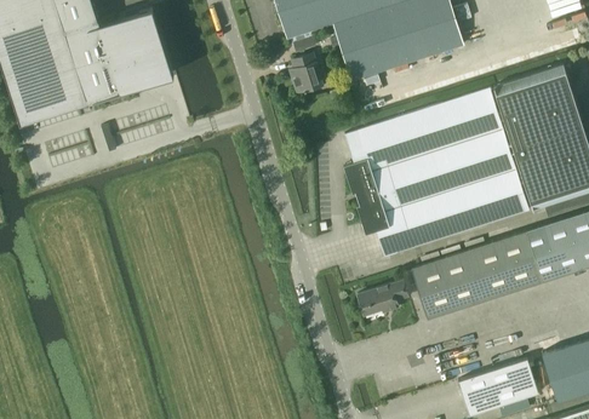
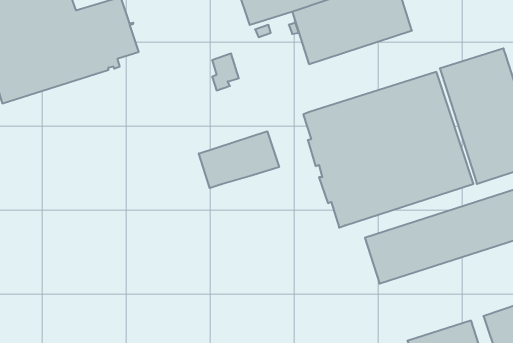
building: [292,53,321,93] -> [212,53,239,90]
building: none -> [199,131,279,188]
building: [358,281,407,316] -> none

